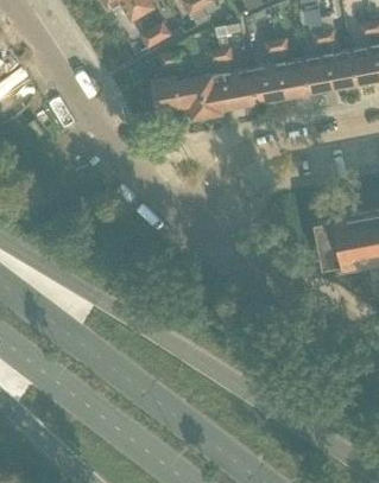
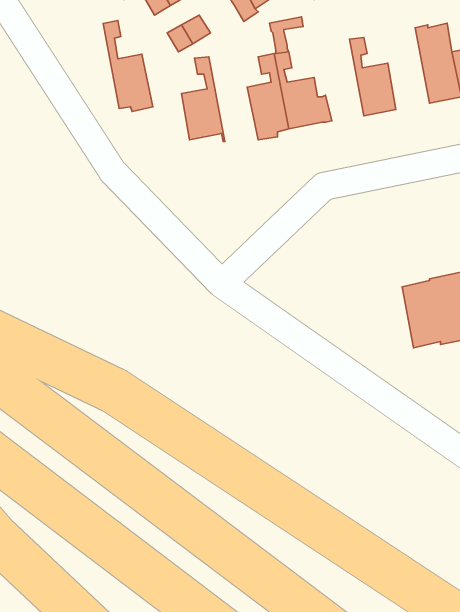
building: [305,33,336,94] -> none
building: [251,42,288,102] -> none
building: [172,52,209,120] -> [103,20,153,112]

